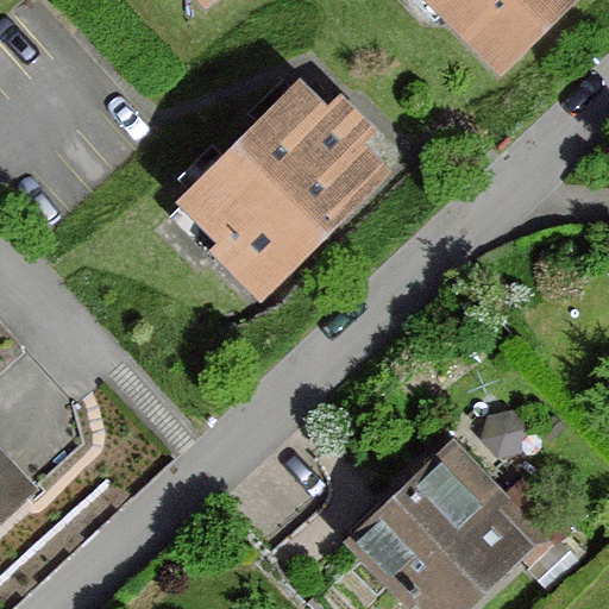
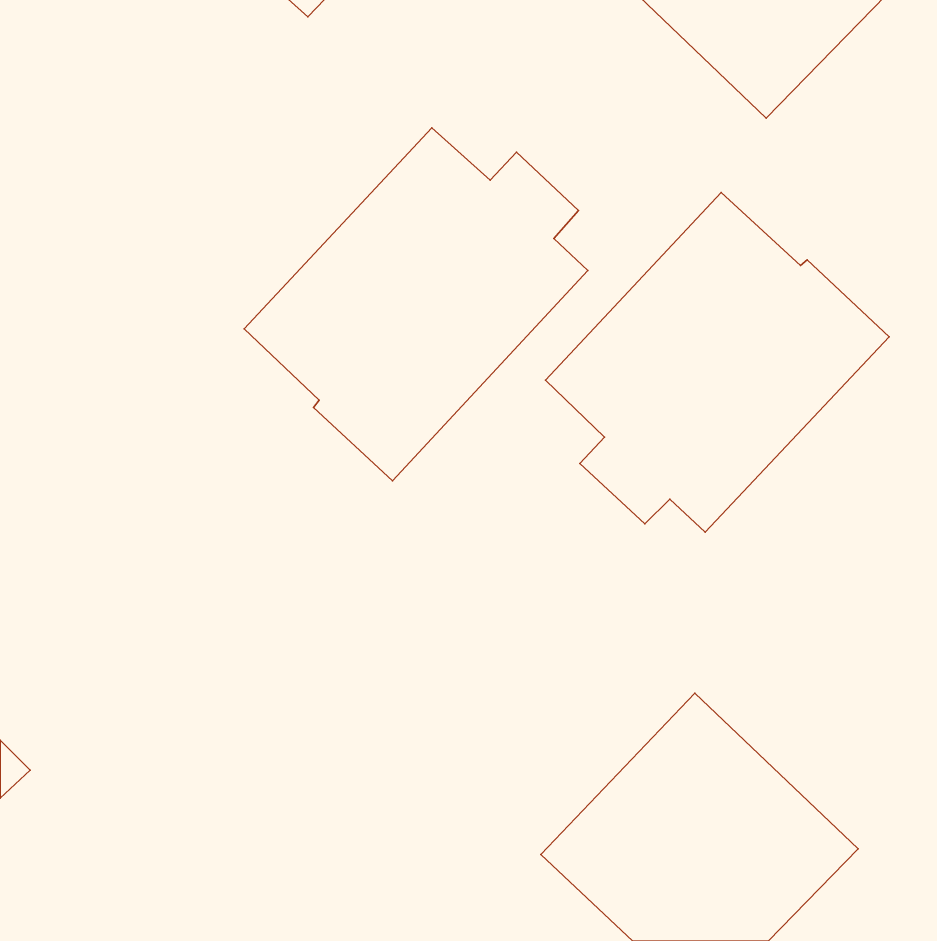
building: none -> [546,192,889,532]

